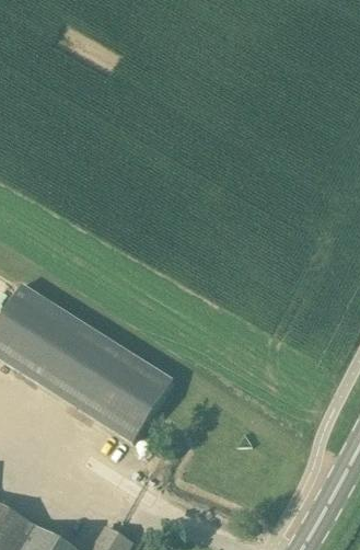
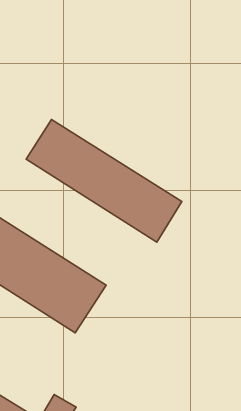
building: none -> [26,119,182,242]

